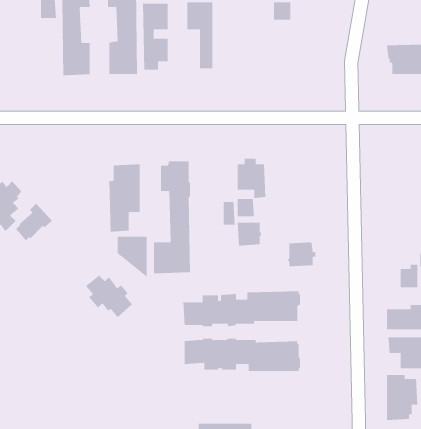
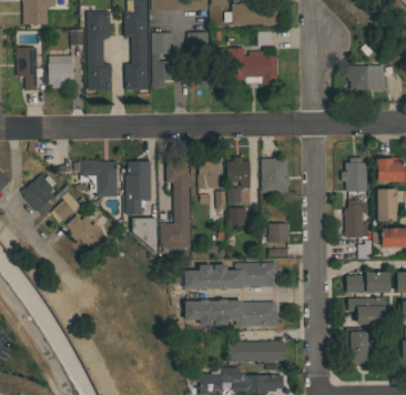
building: none -> [231,48,277,85]
building: none -> [48,55,74,88]
building: none -> [262,158,290,193]
building: none -> [342,158,367,192]
building: none -> [80,160,118,196]
building: none -> [197,161,219,189]
building: none -> [344,197,363,237]
building: [85,275,133,318] -> [67,215,104,250]
building: none -> [229,341,284,363]

